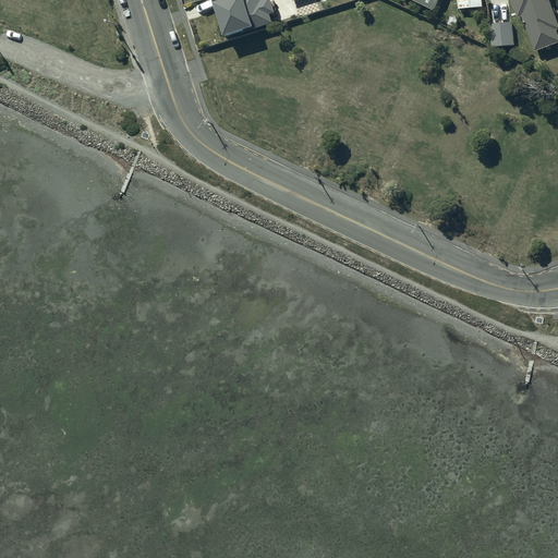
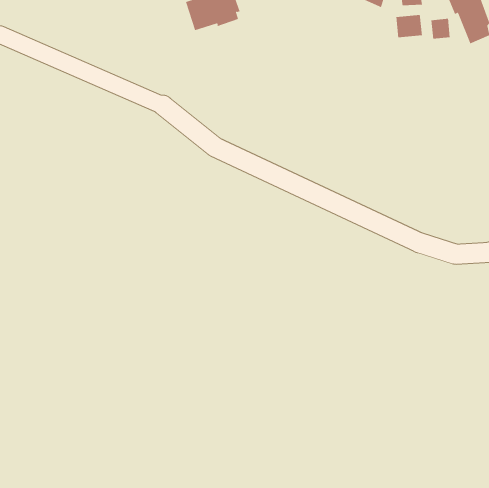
building: none -> [396,14,422,38]

